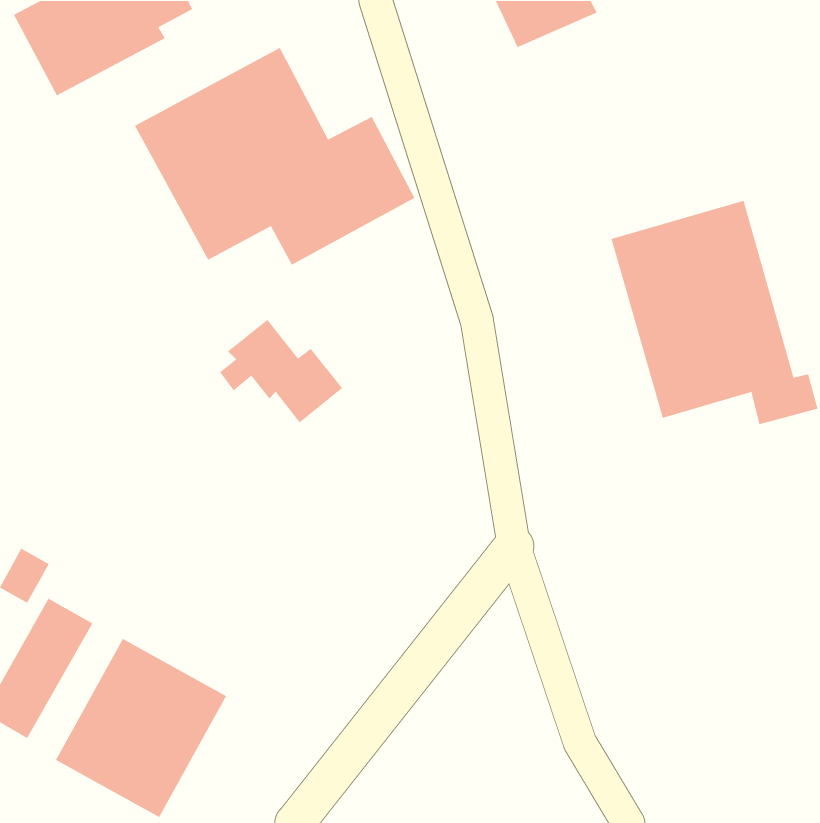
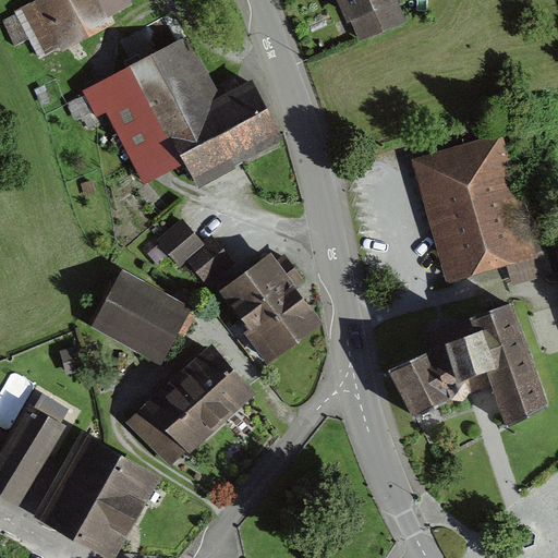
building: none -> [221,255,323,367]
building: none -> [88,267,194,367]
building: none -> [387,307,548,424]
building: none -> [129,347,250,462]

